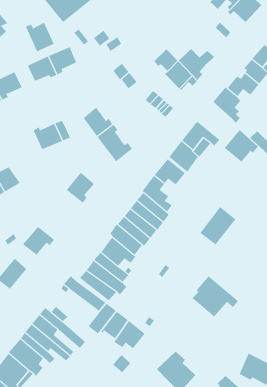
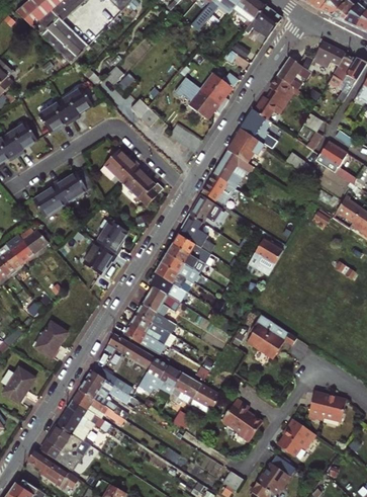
building: [25,22,55,52] -> none
building: [224,129,259,163] -> [227,128,265,163]
building: none -> [33,183,66,216]
building: [22,226,55,255] -> [83,242,117,273]
building: none -> [191,385,220,414]

